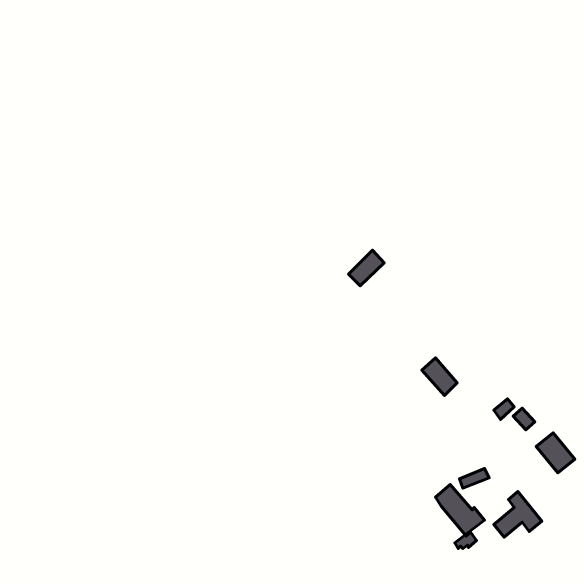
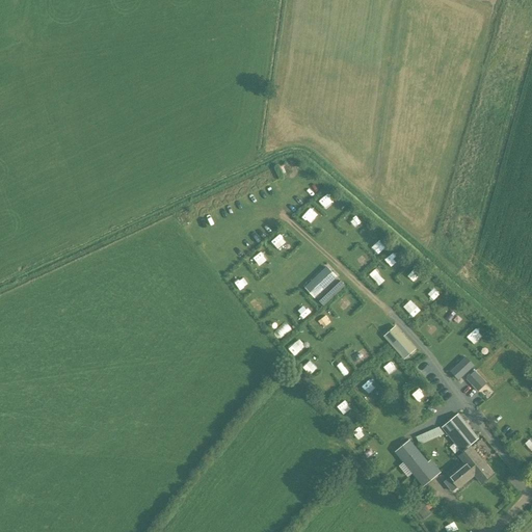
building: [349,250,384,286] -> [304,266,337,298]
building: [536,433,575,473] -> [443,414,478,450]

